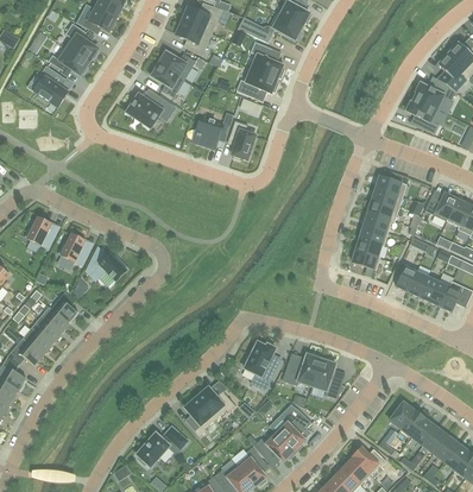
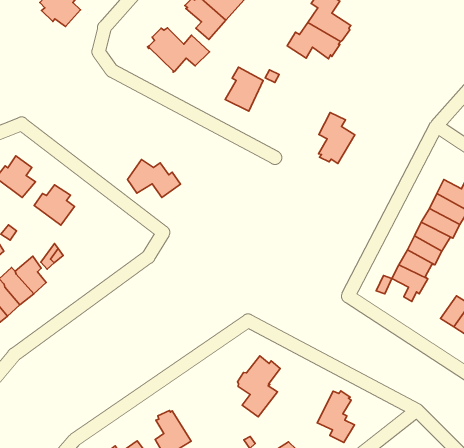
building: [228,120,257,159] -> [319,113,355,163]
building: [86,252,128,279] -> [127,159,181,197]
building: [282,351,321,385] -> none
building: [196,385,235,417] -> none

